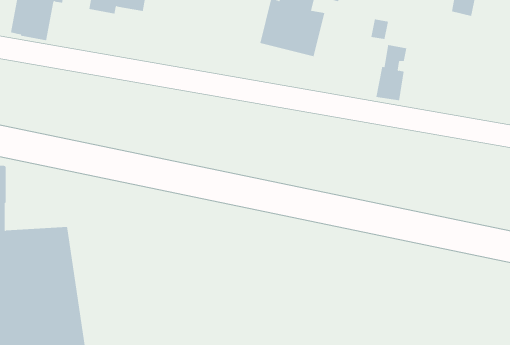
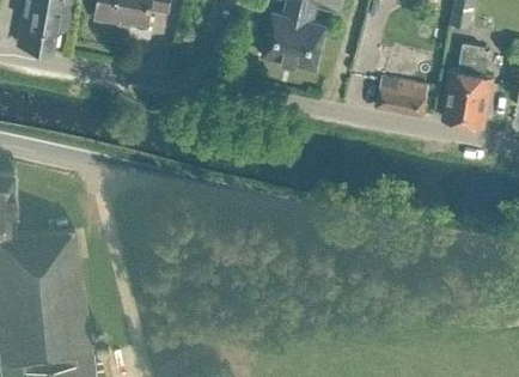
building: none -> [442,45,491,128]
building: none -> [398,84,427,117]

